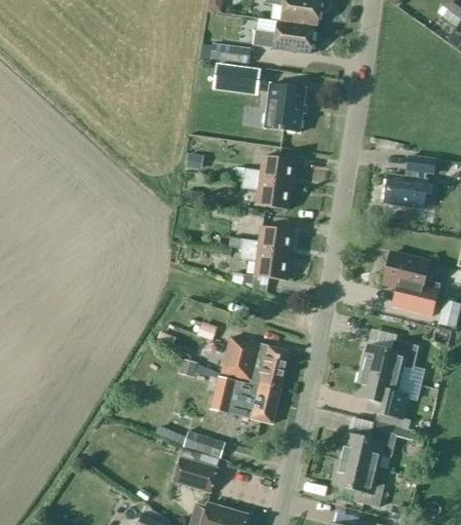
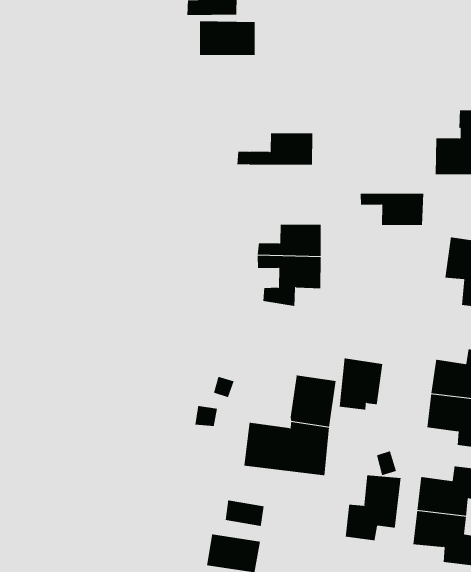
building: [265,83,306,132] -> none
building: [242,178,293,209] -> [360,193,424,226]
building: [222,336,260,378] -> [339,358,383,410]
building: none -> [345,475,401,541]

